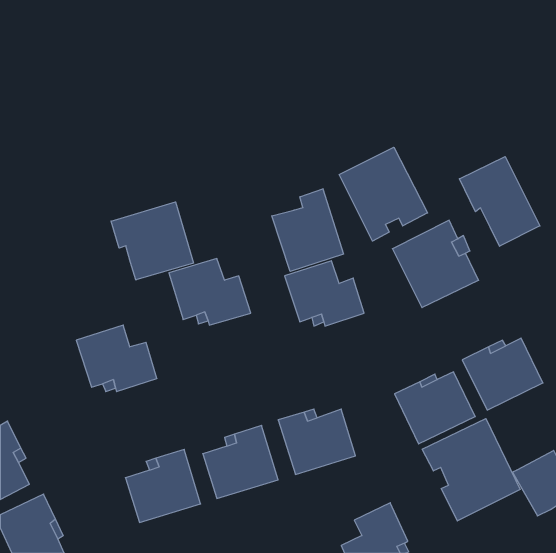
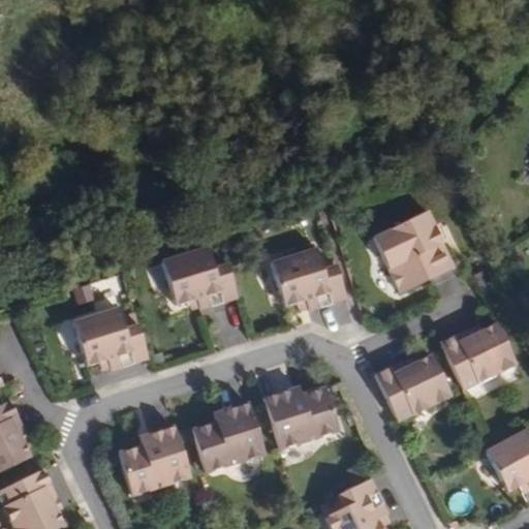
building: [339,147,428,241] -> none
building: [459,157,540,246] -> none
building: [272,189,344,271] -> none
building: [111,202,194,280] -> none
building: [422,419,520,521] -> none

